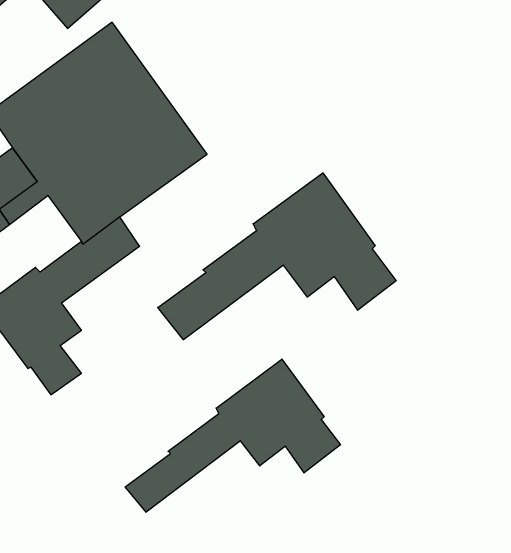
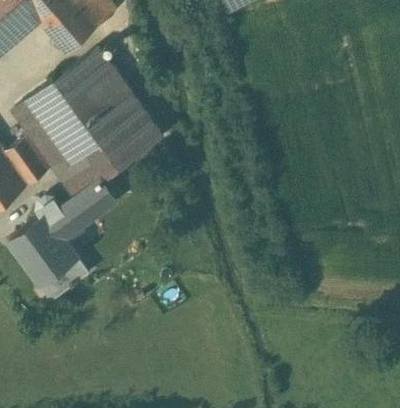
building: [158,173,396,340] -> none
building: [125,359,340,512] -> none

